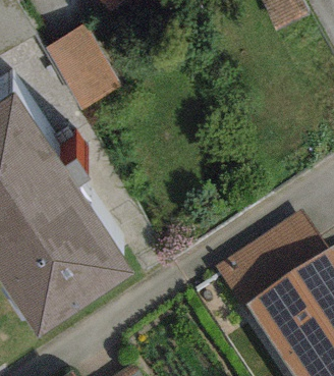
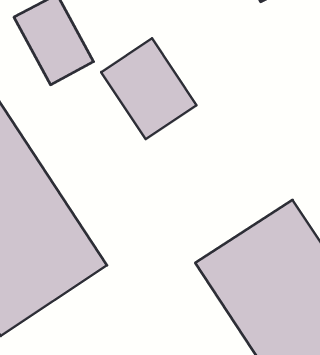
building: none -> [101,38,196,139]

